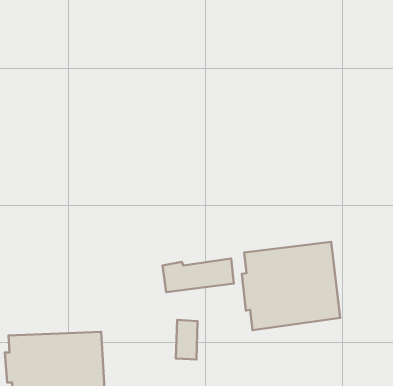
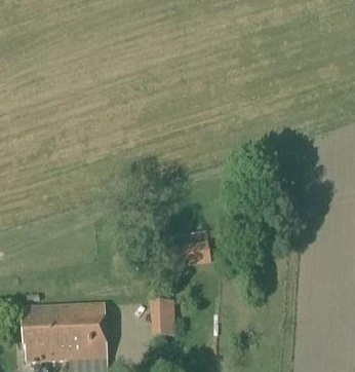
building: [242,242,340,330] -> none

